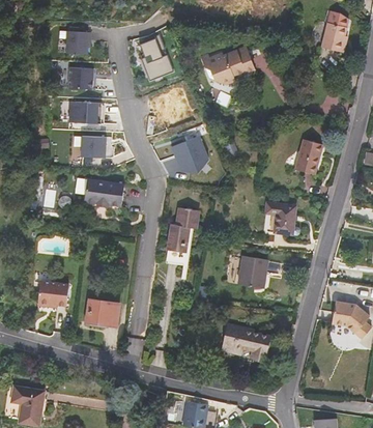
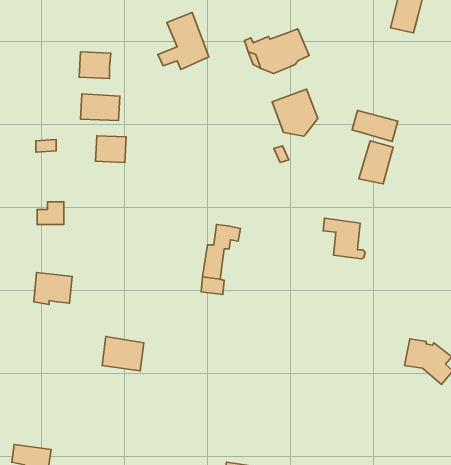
building: [64,30,89,53] -> none
building: none -> [352,111,398,141]
building: [170,136,207,174] -> [272,89,318,136]
building: [83,178,123,206] -> none
building: [237,256,267,288] -> none
building: [37,281,68,307] -> [34,273,72,304]
building: [222,325,269,360] -> none

